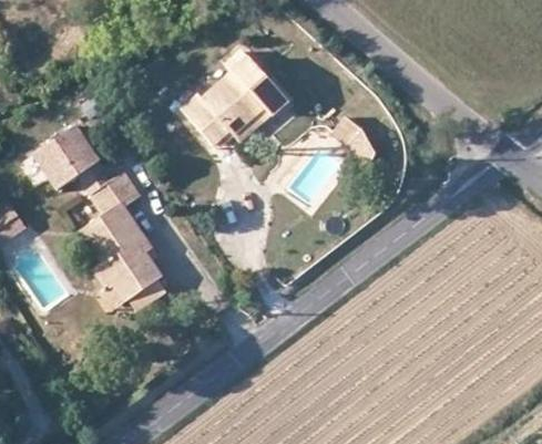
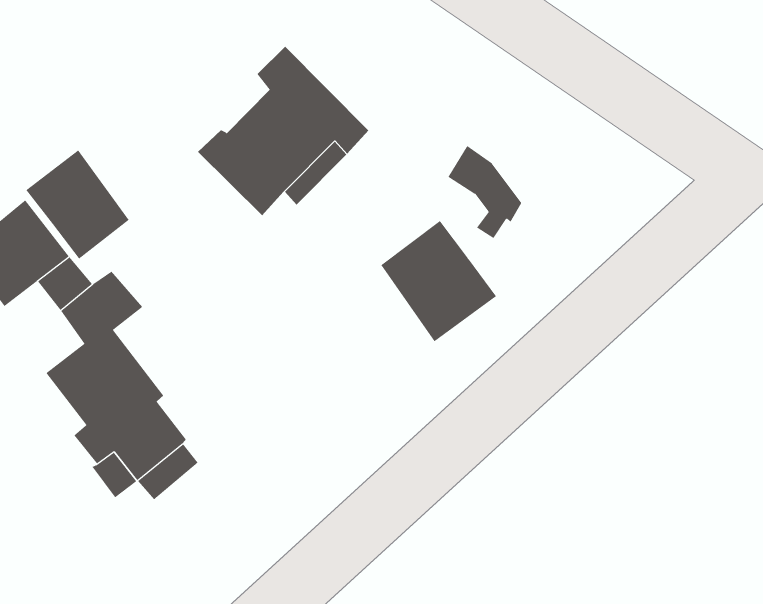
building: none -> [25,150,130,259]
building: none -> [380,220,497,342]

